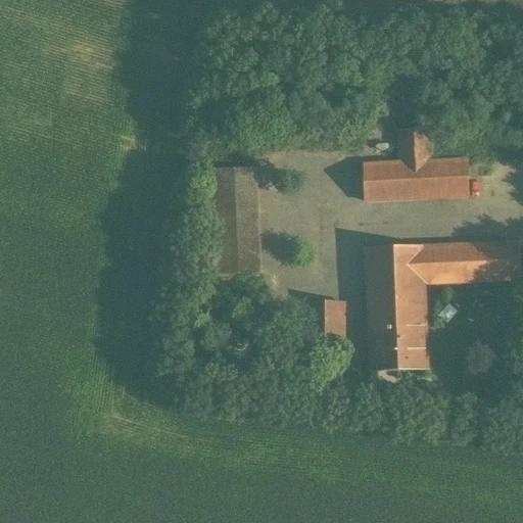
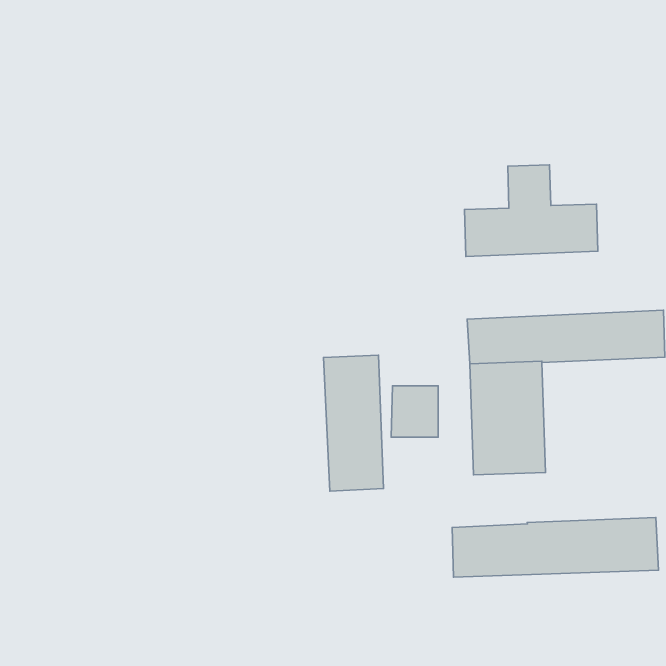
building: [213,168,260,274] -> [323,355,384,491]
building: none -> [452,517,658,577]

